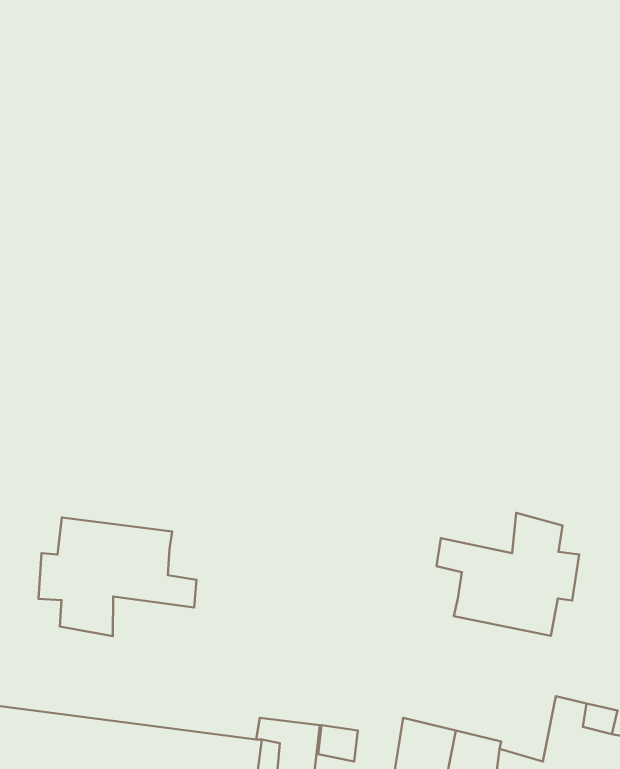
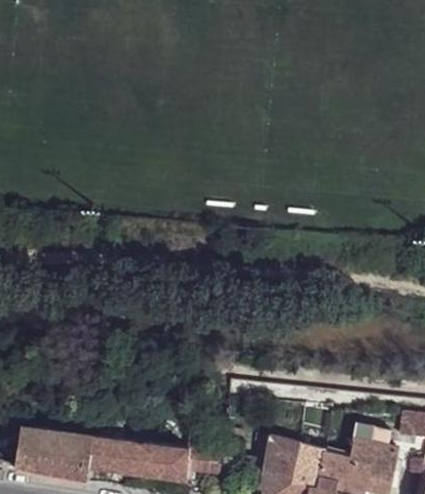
building: [436,513,579,636] -> none
building: [38,517,197,636] -> none

